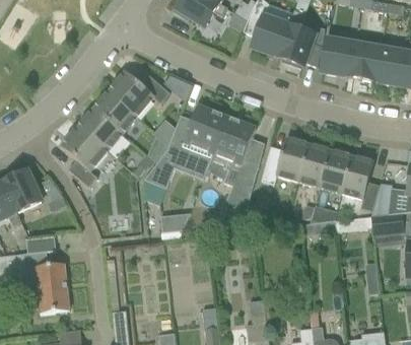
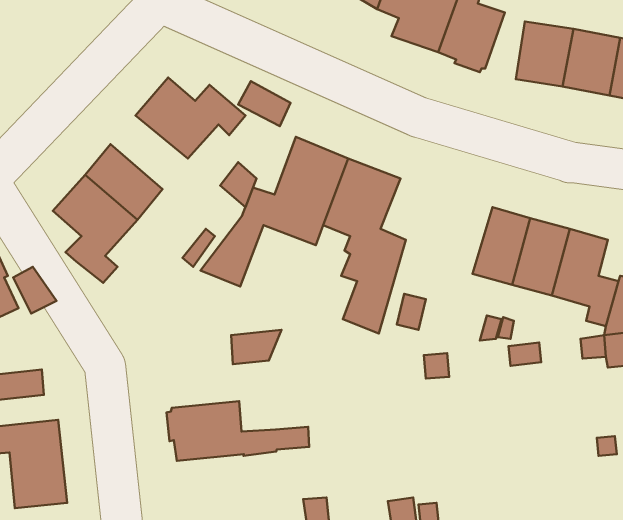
building: [93,92,137,134] -> none
building: [262,138,309,184] -> none
building: none -> [166,401,309,461]

